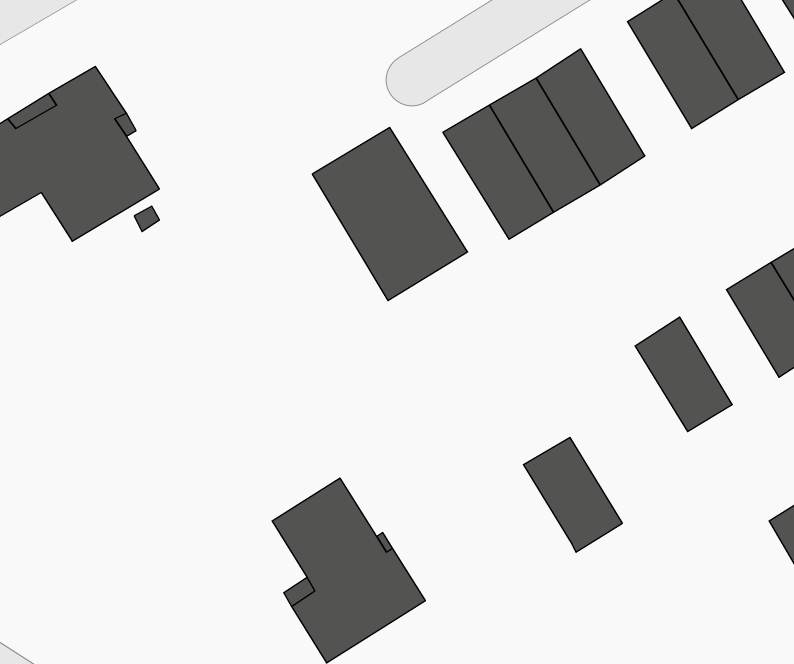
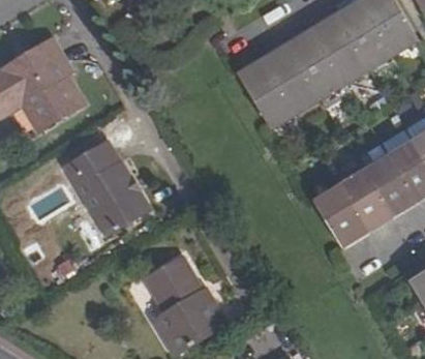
building: none -> [310,13,369,85]
building: [312,128,468,301] -> [67,143,150,235]
building: none -> [363,156,416,217]
building: [523,438,622,552] -> [314,186,367,247]

